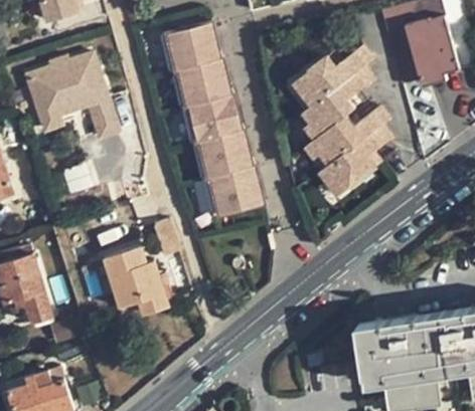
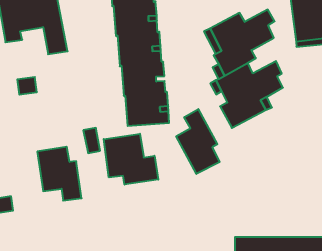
building: none -> [176,109,220,174]
building: none -> [104,134,158,185]

